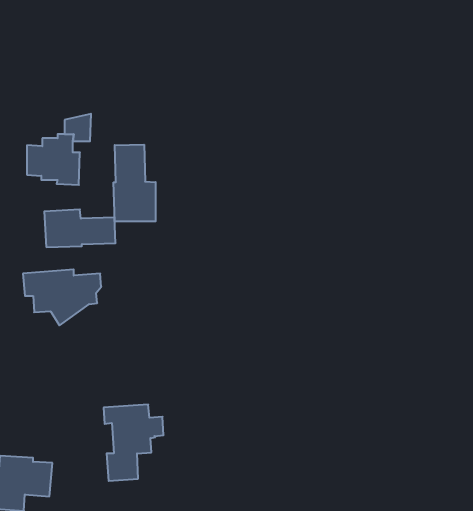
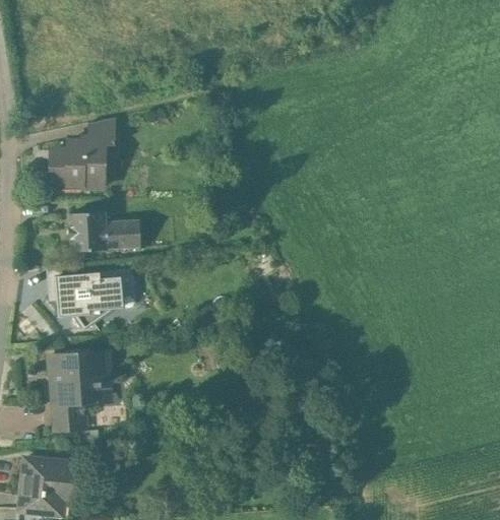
building: [114,145,156,221] -> none
building: [104,405,164,481] -> [49,352,109,429]

